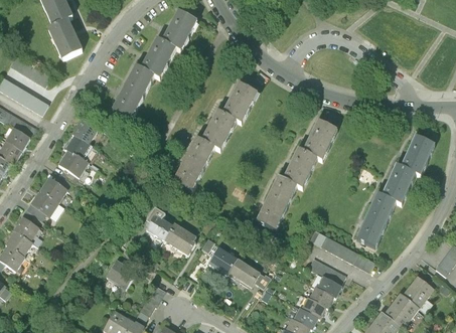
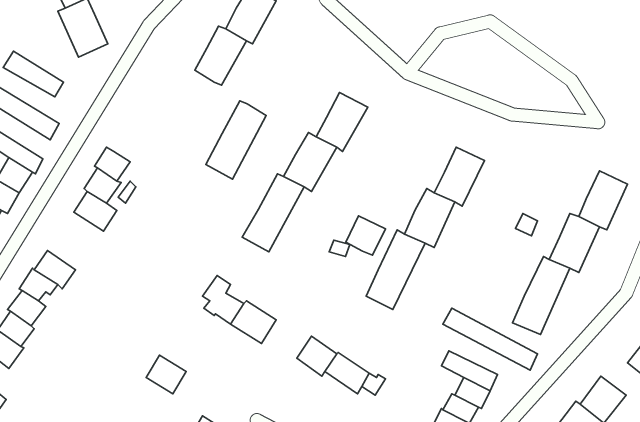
building: [112,65,153,119] -> [206,101,266,179]
building: none -> [346,216,385,255]
building: [39,177,67,203] -> none

